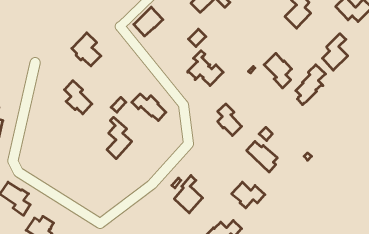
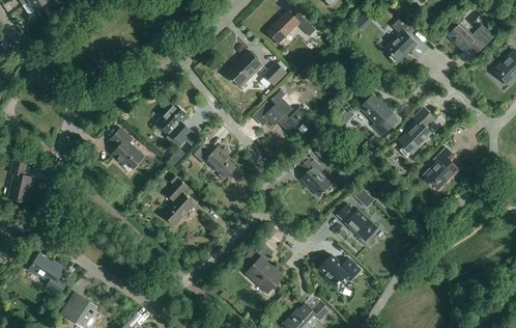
building: [134,7,163,36] -> [226,50,262,86]
building: [72,33,101,66] -> [156,103,193,144]
building: [322,34,348,70] -> none
building: none -> [424,147,459,190]

